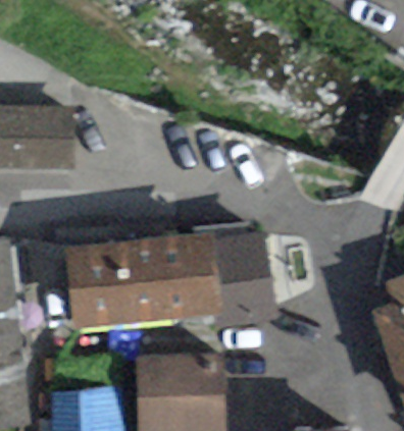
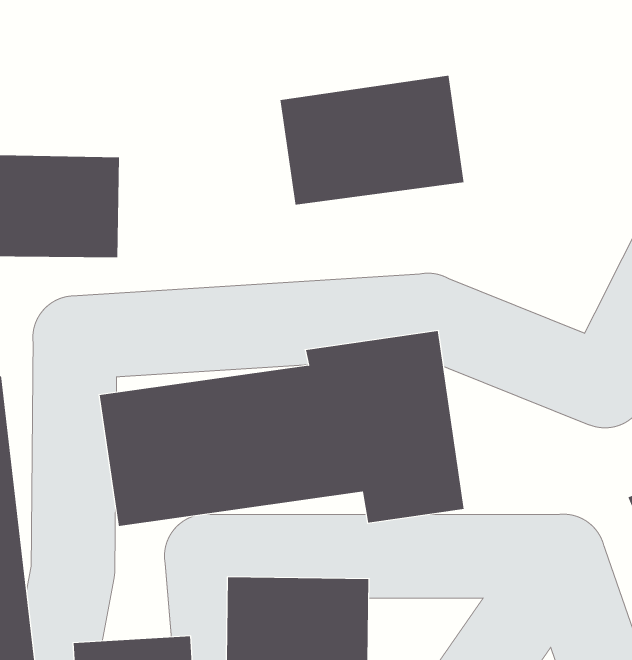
building: none -> [280,75,464,206]

